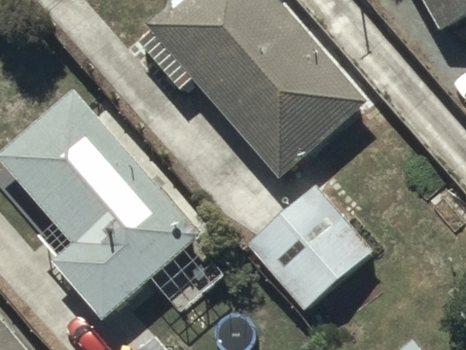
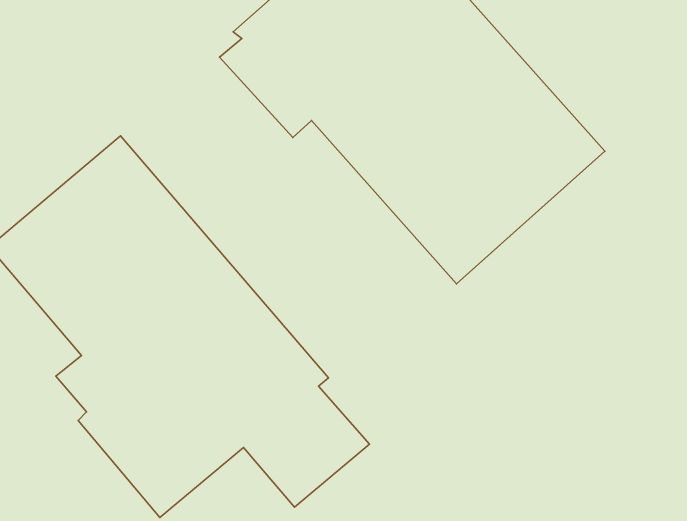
building: [247,185,372,310] -> none

